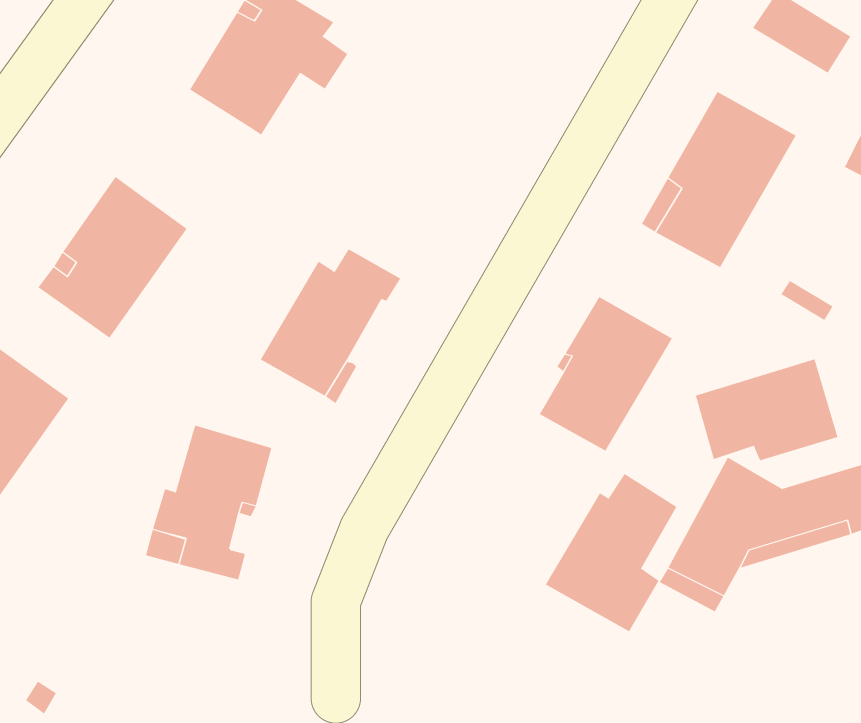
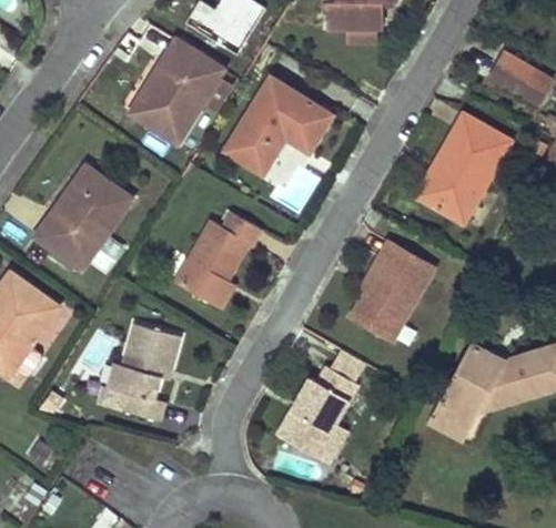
building: none -> [224,75,333,174]
building: [695,358,838,461] -> none
building: [545,473,677,632] -> [276,364,360,464]

